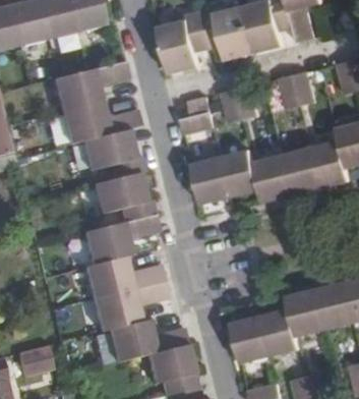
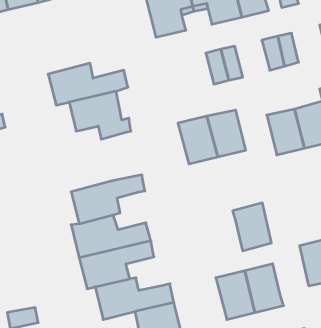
building: [54,60,131,112] -> none
building: [182,95,216,133] -> none
building: [255,154,294,202] -> none
building: [94,171,157,221] -> none
building: [287,287,326,336] -> [233,203,271,251]

